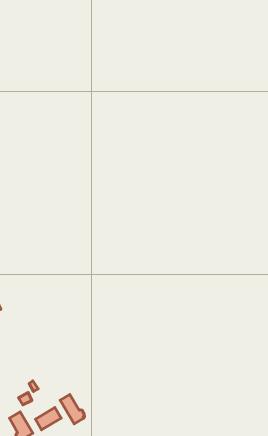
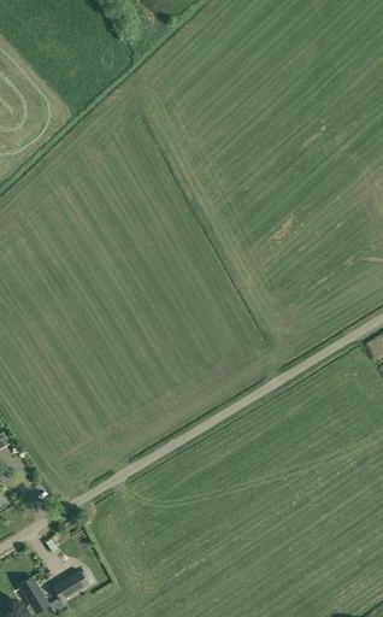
building: [60,395,84,424] -> none

